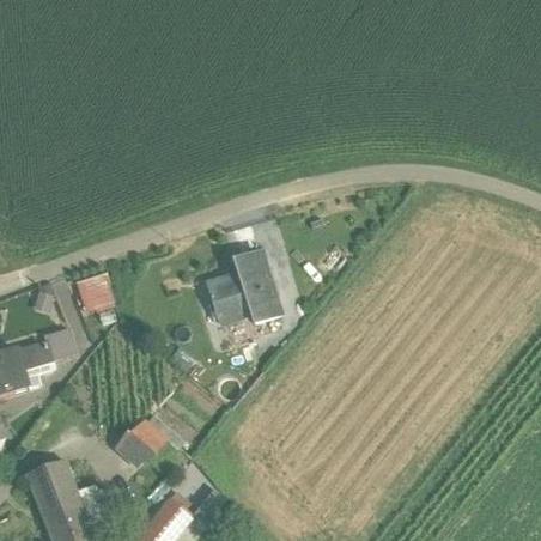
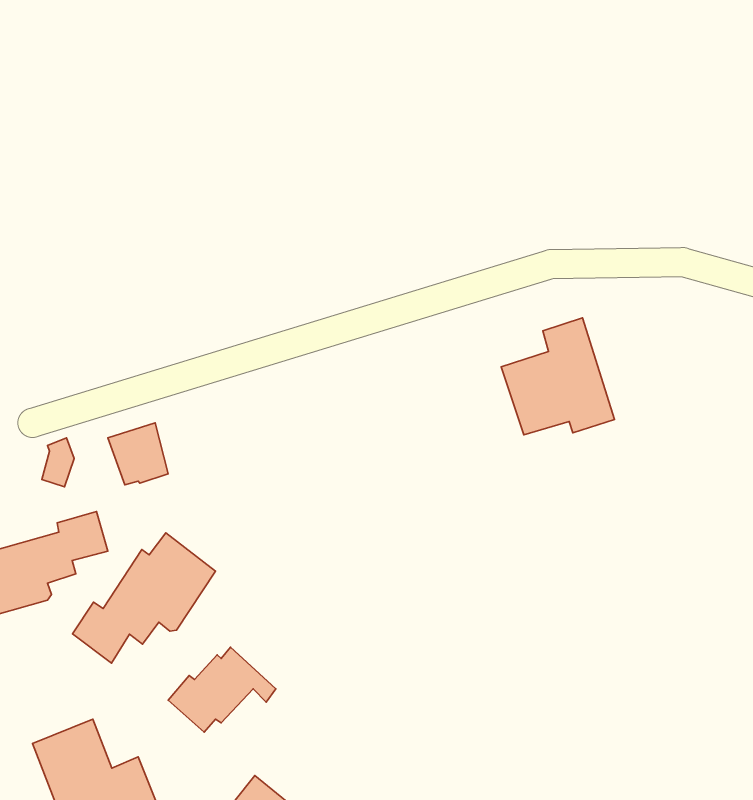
building: [207,250,279,324] -> [501,318,614,435]
building: none -> [73,533,215,663]

